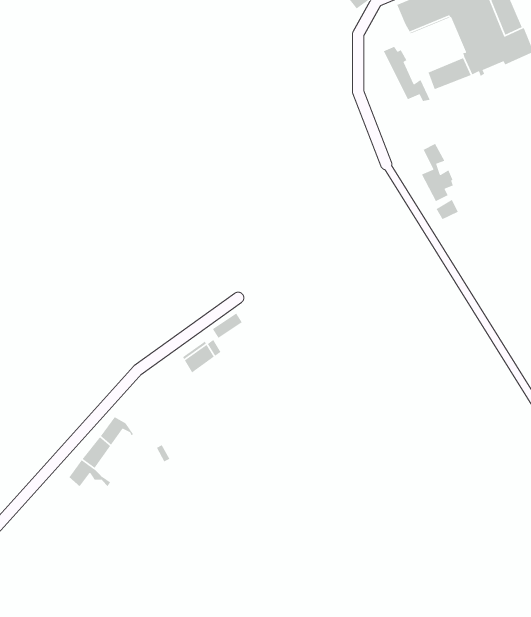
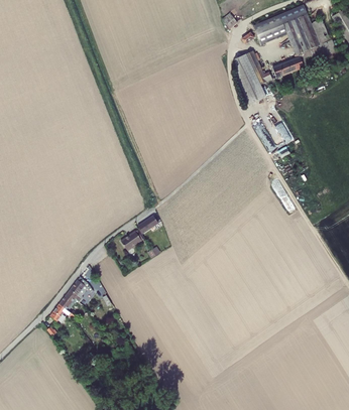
building: none -> [234,53,265,104]

